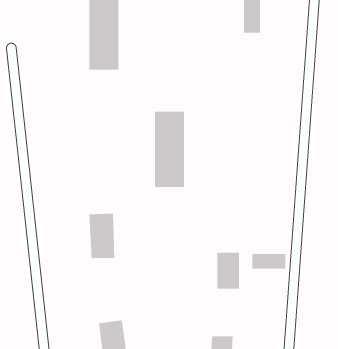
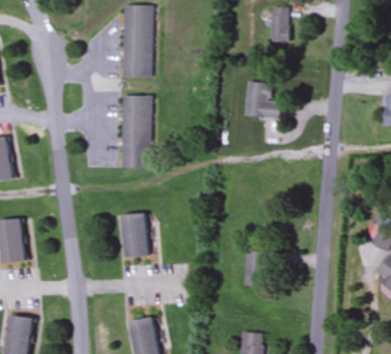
building: none -> [245,83,280,118]
building: [154,111,185,187] -> [121,96,150,169]
building: [252,253,286,270] -> none

